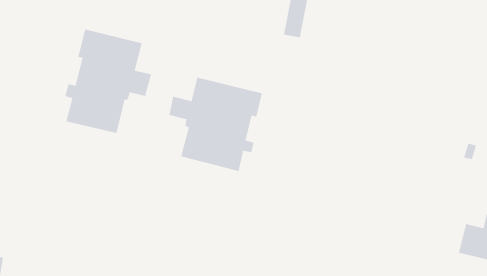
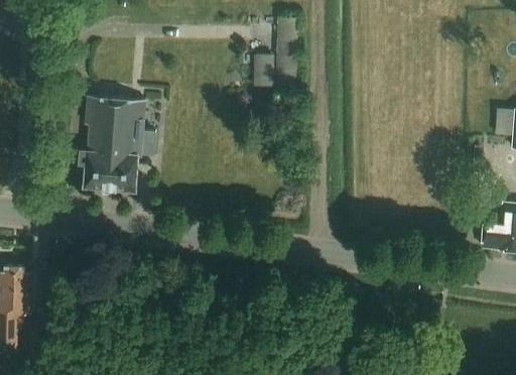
building: none -> [250,57,270,89]
building: [169,77,262,172] -> none

